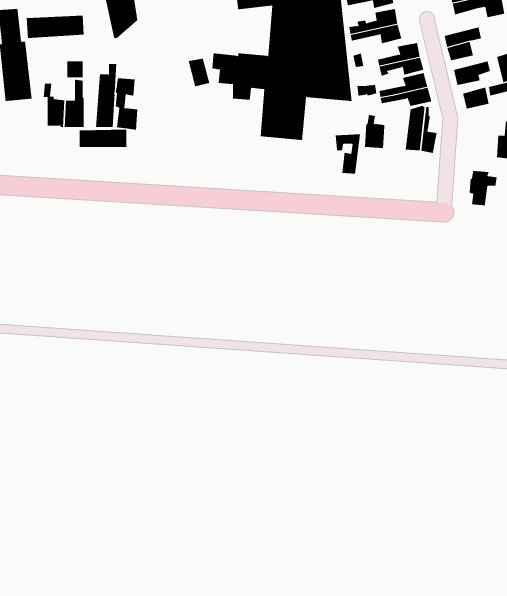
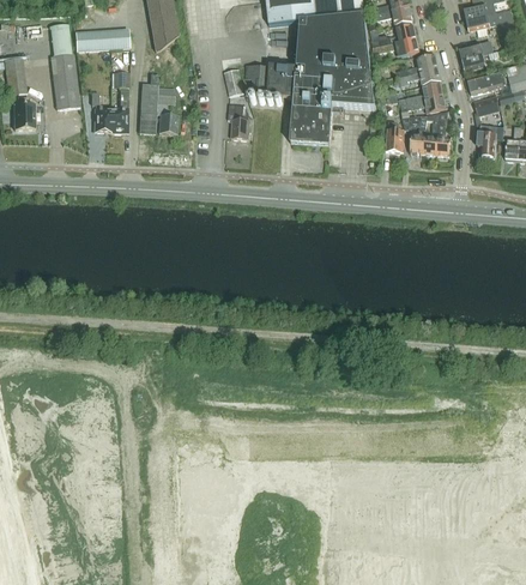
building: none -> [230,103,250,139]
building: [79,129,127,148] -> none
building: [335,134,361,174] -> [404,115,428,152]
building: [469,171,497,206] -> [478,125,504,157]

